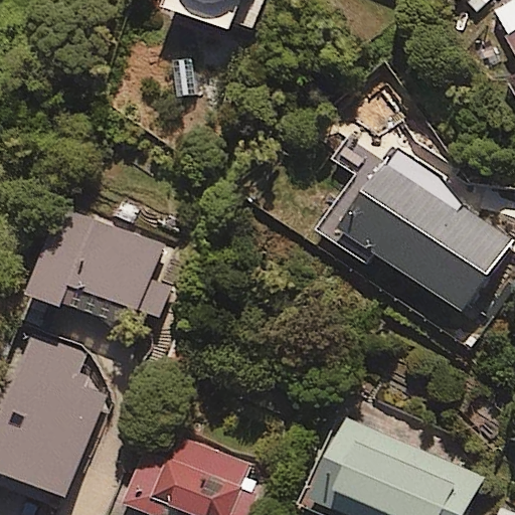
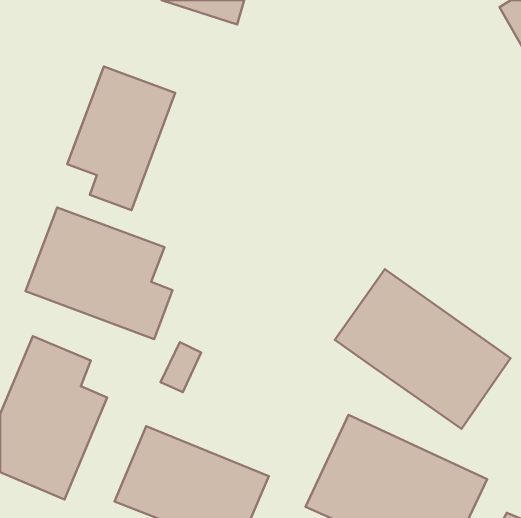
building: none -> [67,67,175,210]
building: [335,153,508,310] -> [335,269,511,429]

